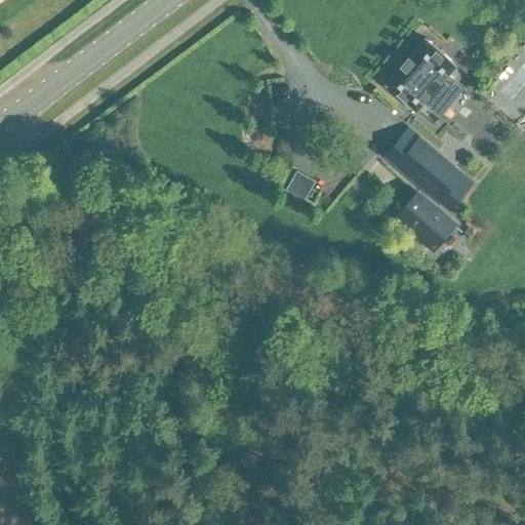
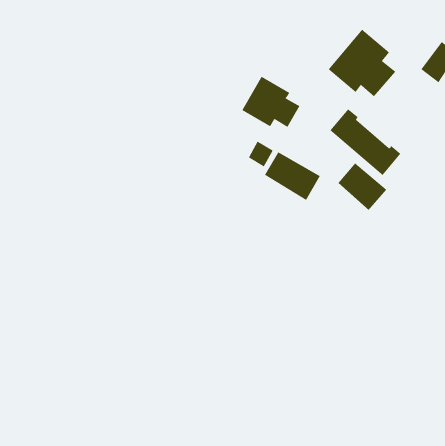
building: none -> [241,76,300,128]
building: none -> [264,151,321,201]

